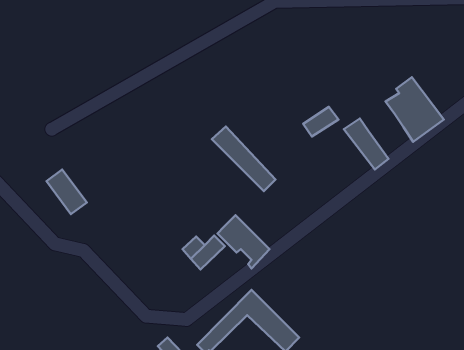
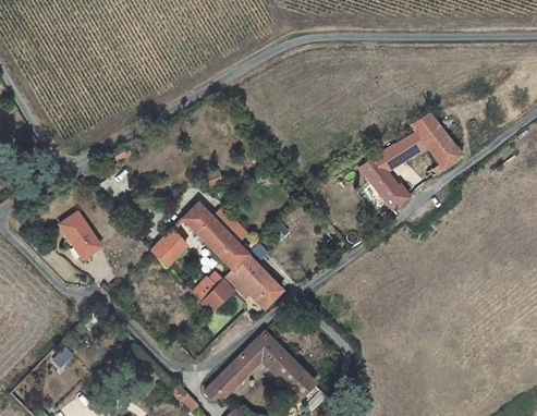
building: [303,107,338,137] -> [377,140,413,171]
building: [212,126,276,191] -> [184,203,249,269]
building: none -> [150,227,192,267]

